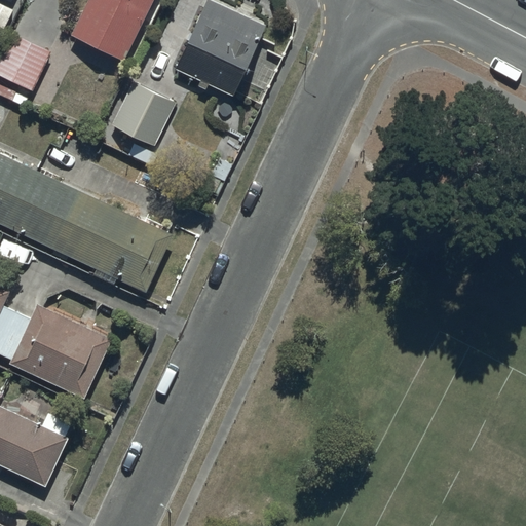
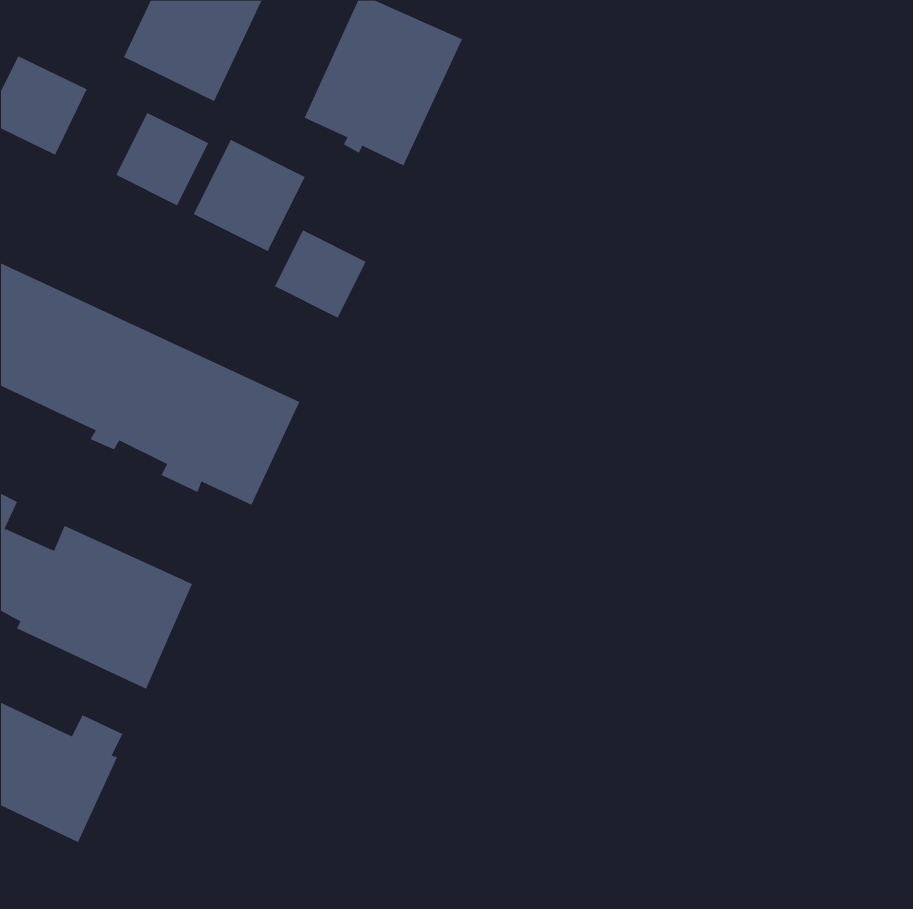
building: none -> [116,112,209,206]
building: none -> [274,230,366,318]

